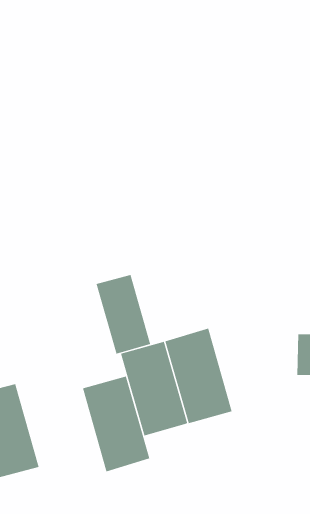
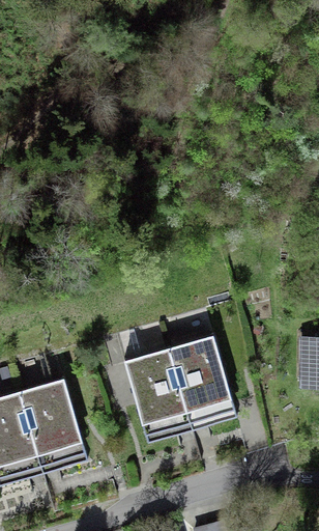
building: [96,274,151,355] -> none
building: [82,376,150,472] -> [19,378,87,474]

